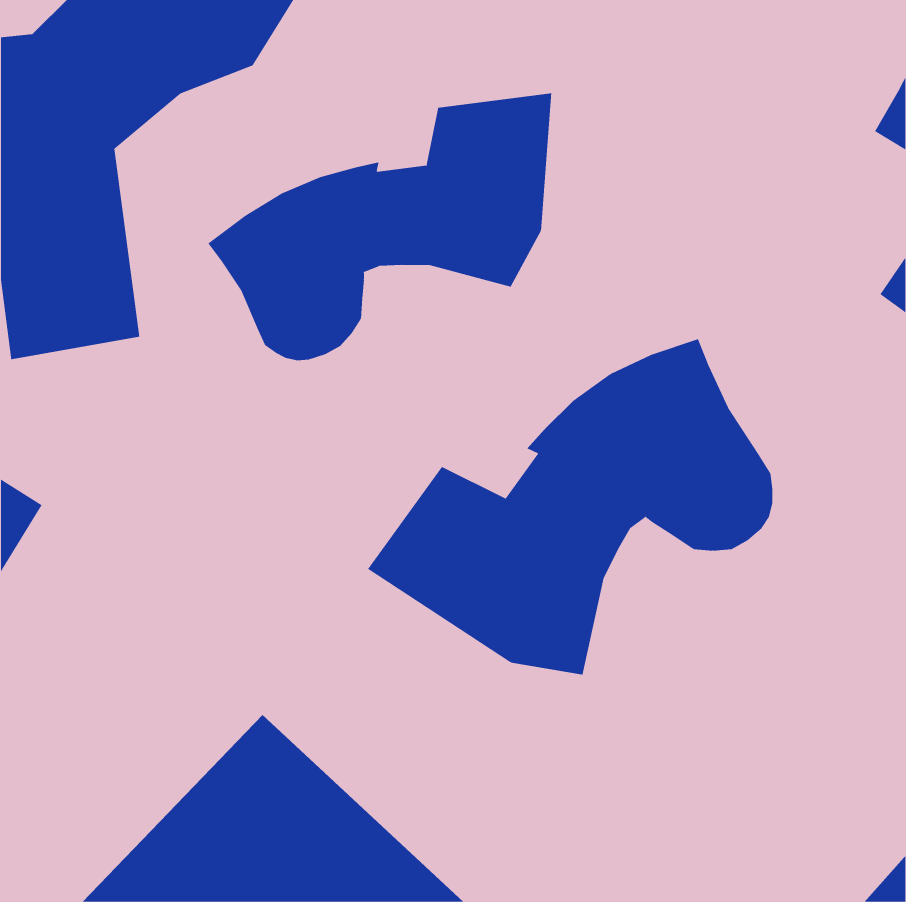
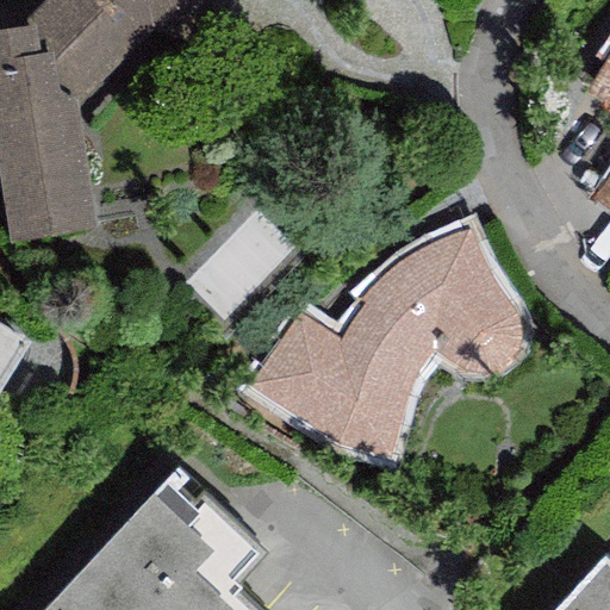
building: [208,93,552,361] -> none

